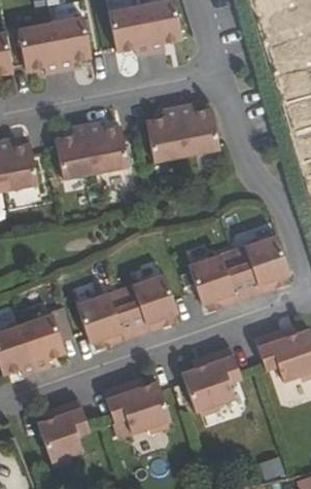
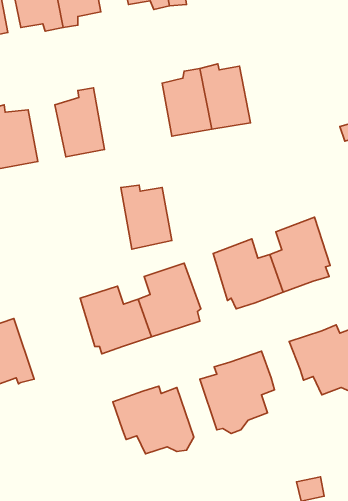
building: [87,119,130,174] -> [121,185,172,249]
building: [19,307,67,370] -> none
building: [35,397,90,465] -> none

